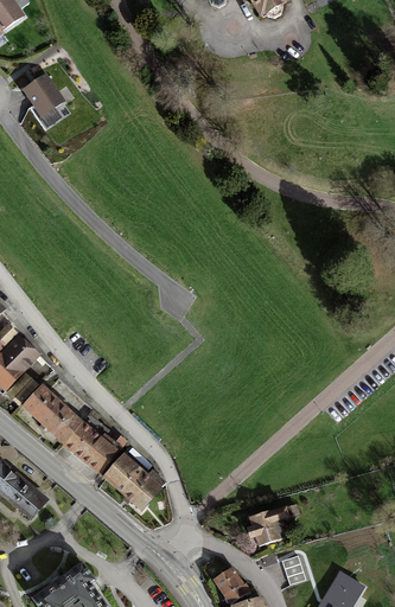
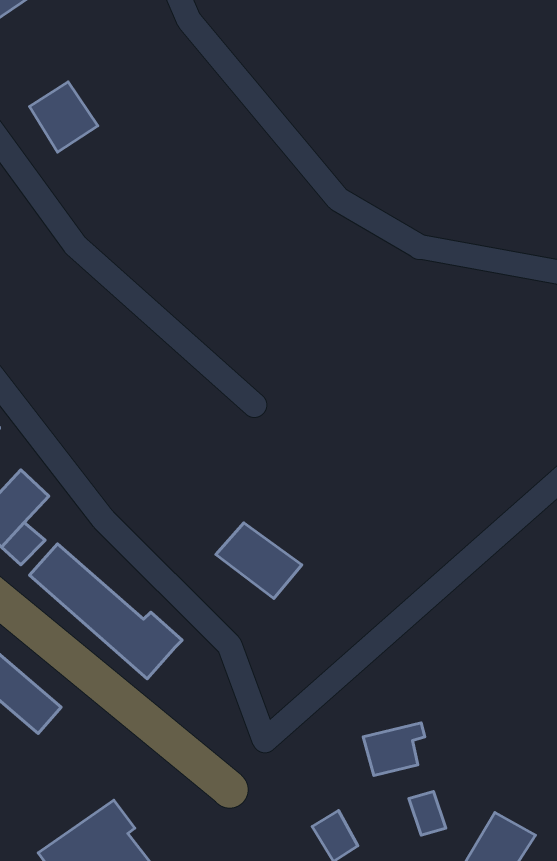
building: [102,456,160,507] -> [216,523,302,598]

